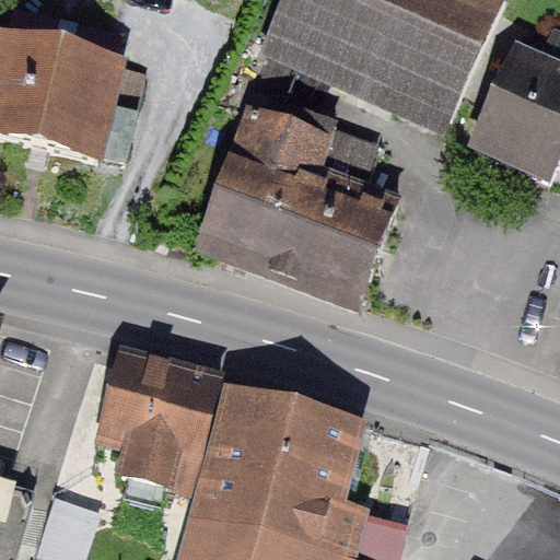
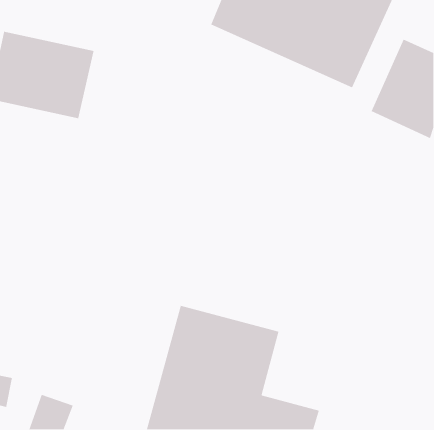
building: [199,110,399,304] -> none
building: [98,352,215,489] -> none

